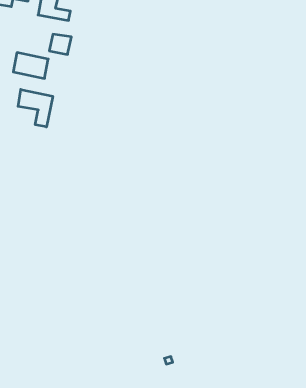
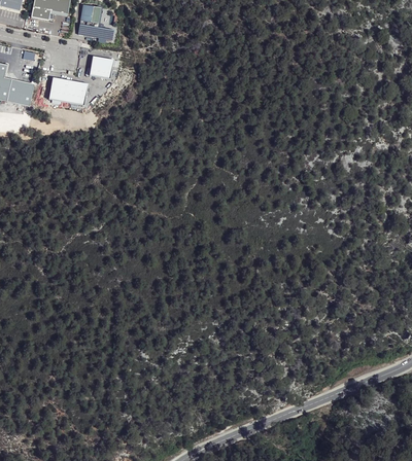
building: [18,89,53,127] -> none

